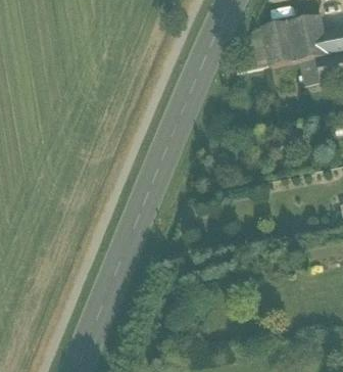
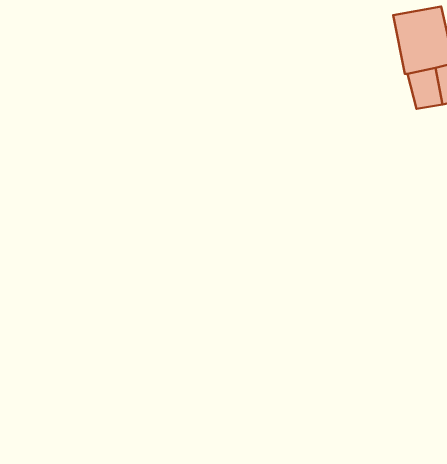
building: [260,20,294,66] -> none

